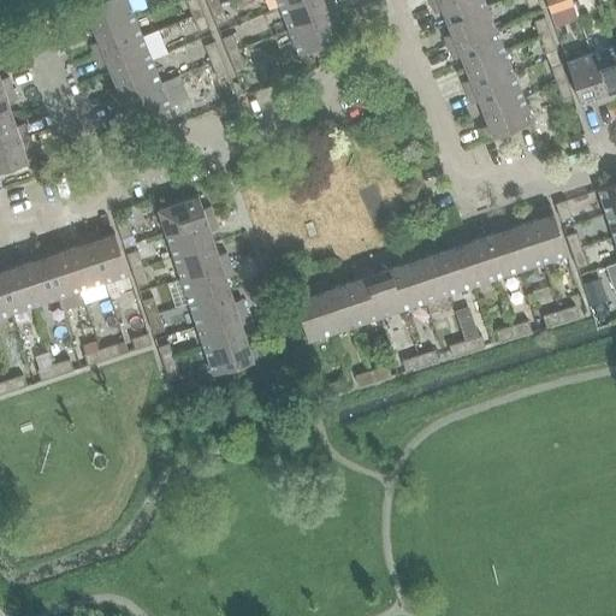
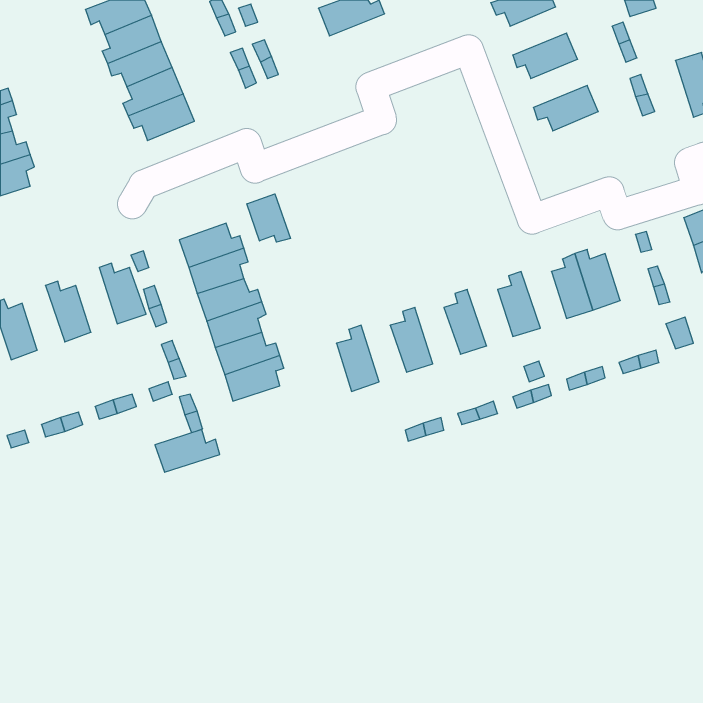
building: [444,7,496,49] -> none
building: [289,13,340,55] -> none
building: [462,53,514,95] -> none
building: [565,54,606,107] -> none
building: [480,99,533,142] -> none
building: none -> [247,194,291,242]
building: [529,207,567,263] -> none
building: [67,235,103,291] -> none
building: [456,235,496,288] -> none
building: [20,250,58,307] -> none
building: [409,250,449,303] -> none
building: [363,266,403,319] -> none
building: [316,282,356,334] -> none
building: [205,338,261,375] -> [155,430,220,472]

